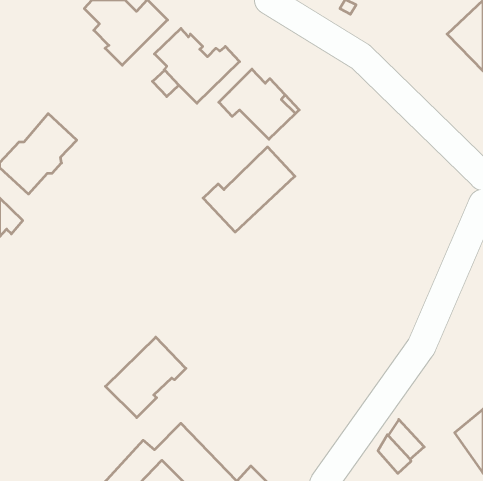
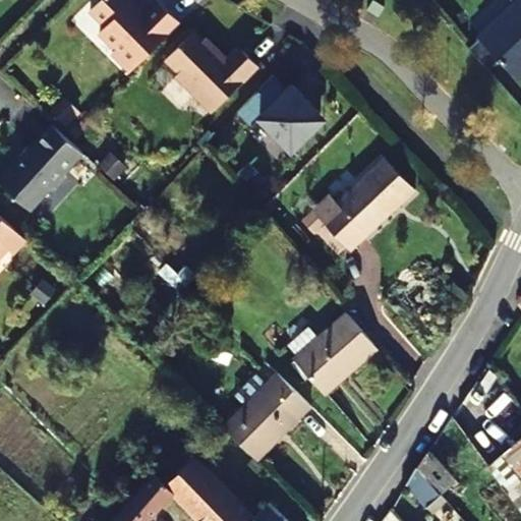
building: [203,147,295,232] -> [314,161,413,252]
building: none -> [293,315,374,396]
building: [105,337,186,418] -> [224,377,310,463]

